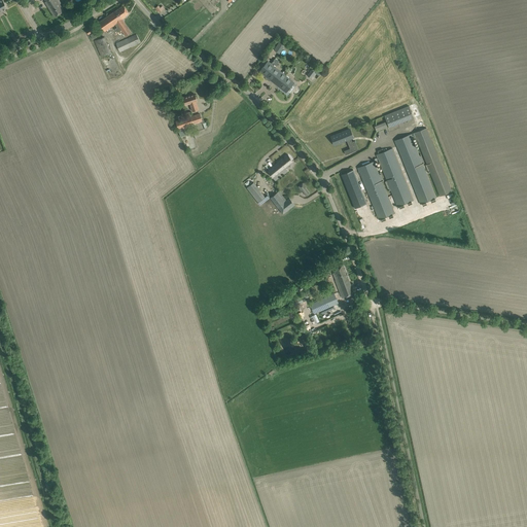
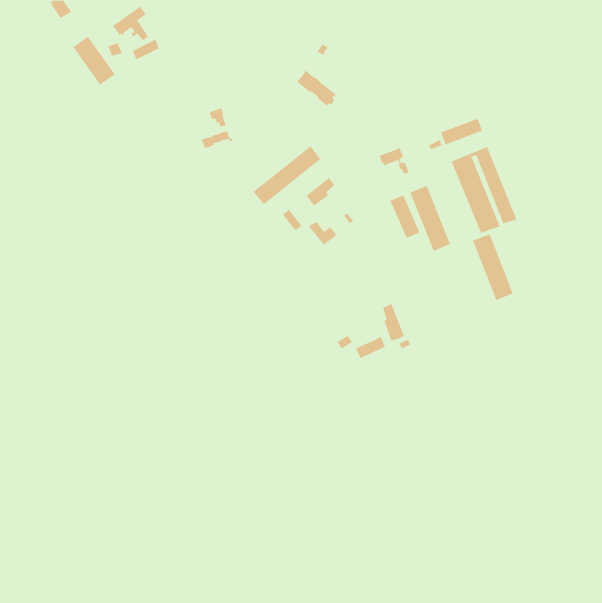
building: none -> [72,36,116,86]
building: none -> [253,146,321,205]
building: [376,148,412,207] -> [472,233,514,301]

